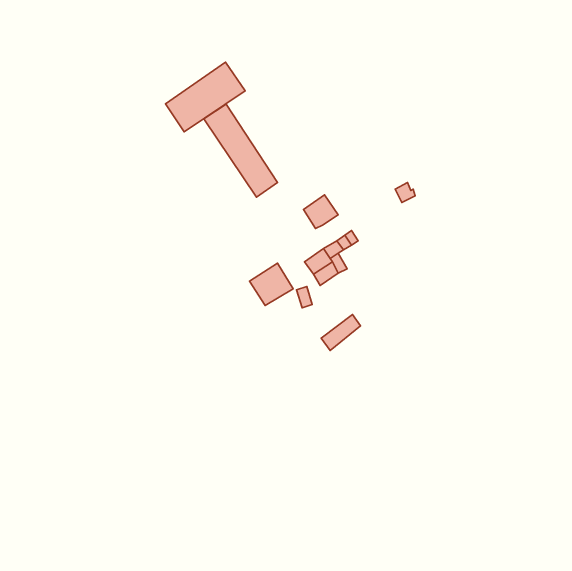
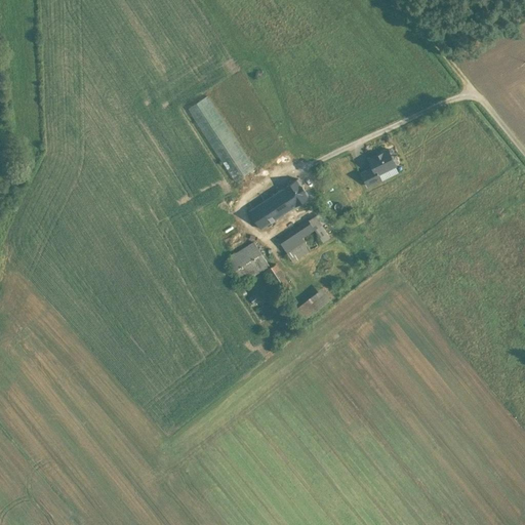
building: [166,62,245,132] -> none
building: none -> [369,150,398,175]
building: none -> [249,193,289,229]

